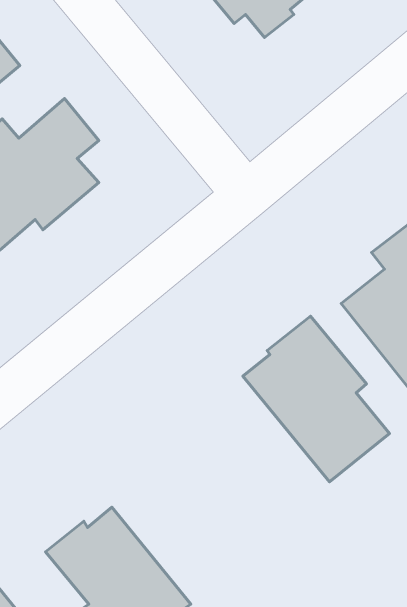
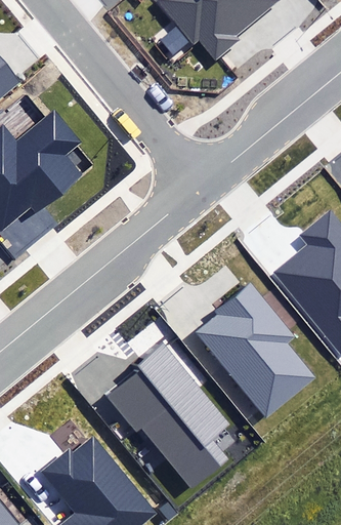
building: none -> [105,342,227,488]

